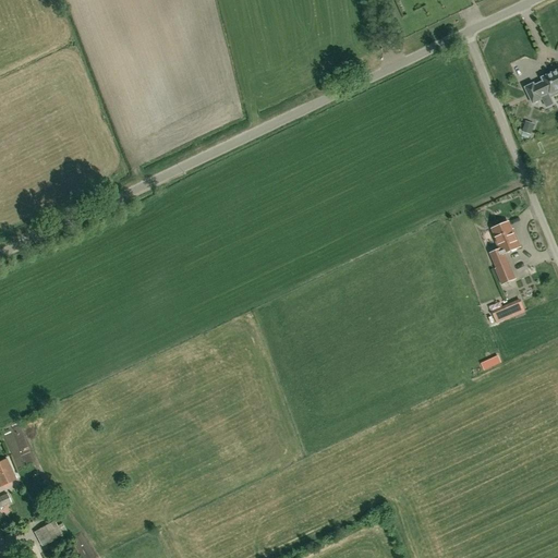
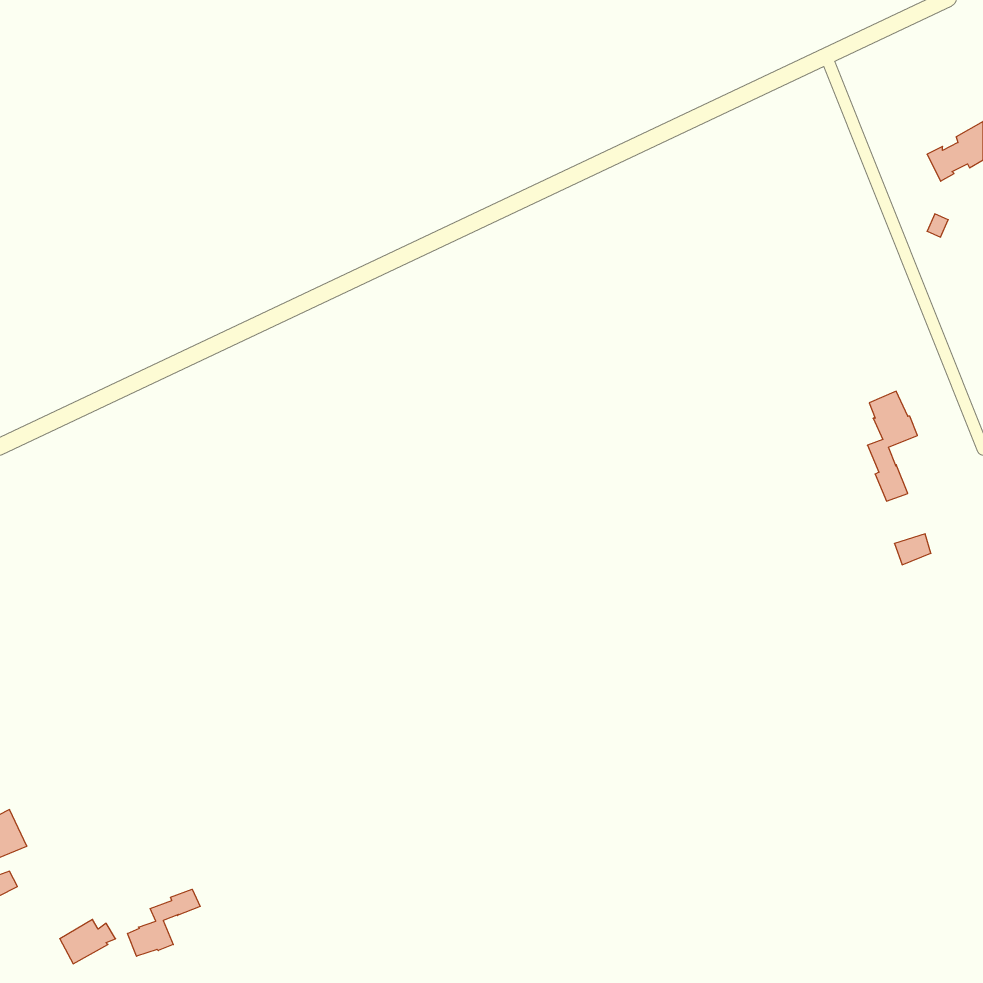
building: none -> [128,889,200,956]

